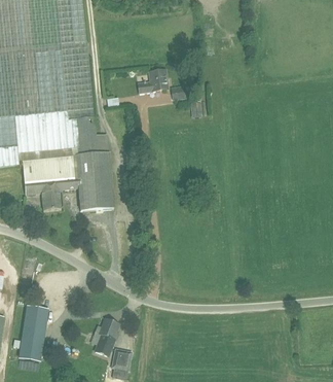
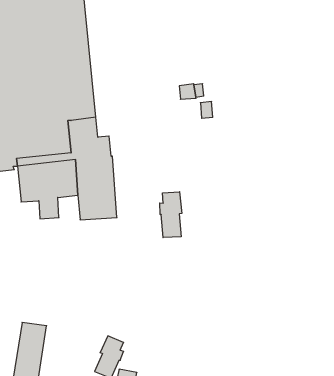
building: [138,68,168,91] -> none
building: none -> [160,192,182,238]

